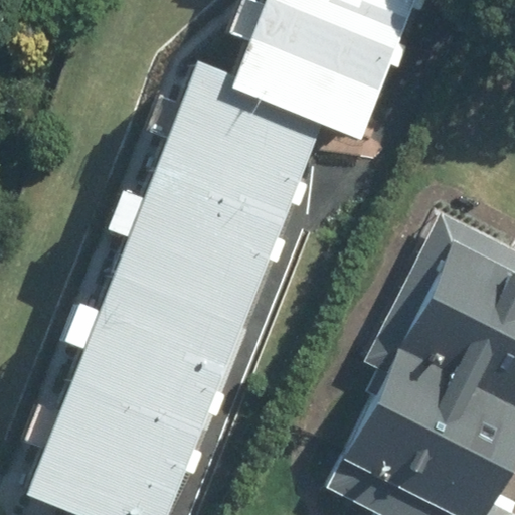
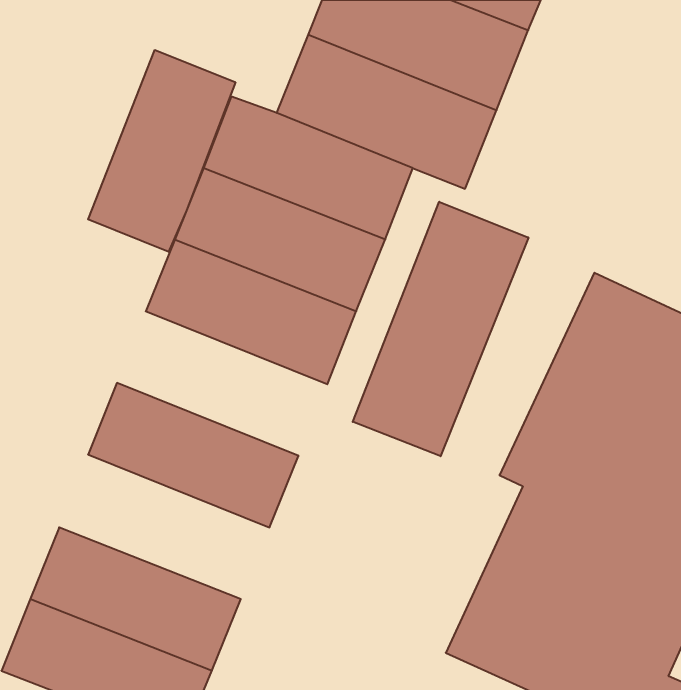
building: none -> [88,50,235,252]
building: none -> [353,202,528,456]
building: [102,237,255,343] -> none
building: [59,342,213,448] -> none

